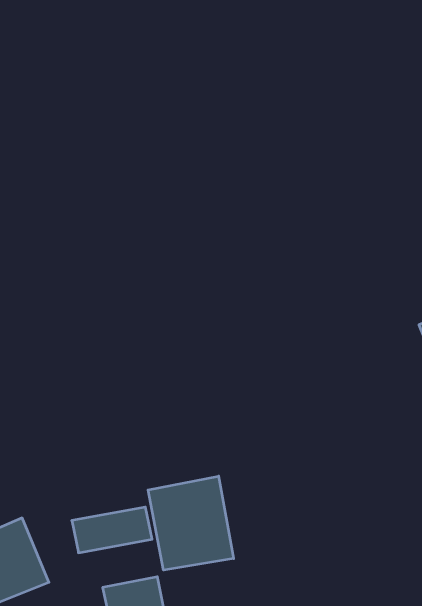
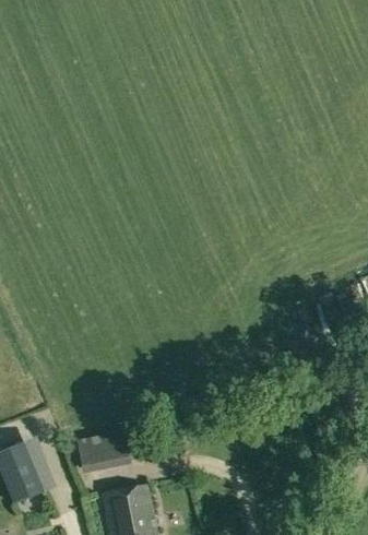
building: [148,476,234,570] -> none

